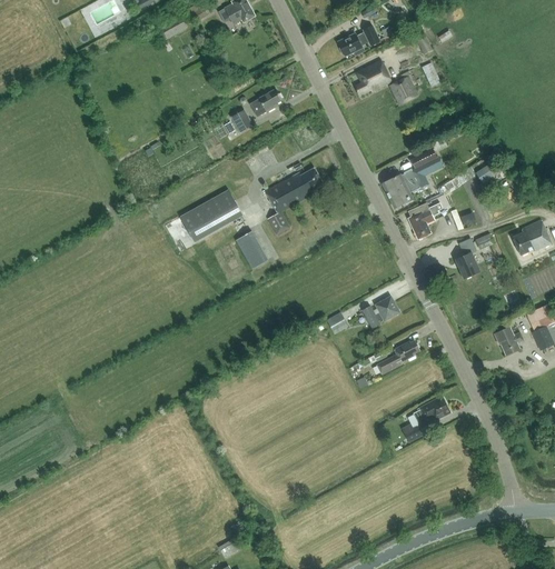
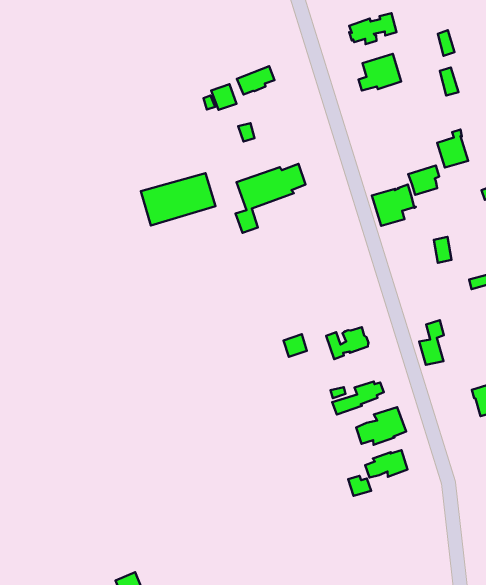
building: [388,70,417,104] -> [437,130,468,168]
building: [407,201,442,238] -> none
building: [240,228,274,267] -> none
building: [456,237,479,277] -> [419,320,444,365]
building: none -> [356,407,406,445]

